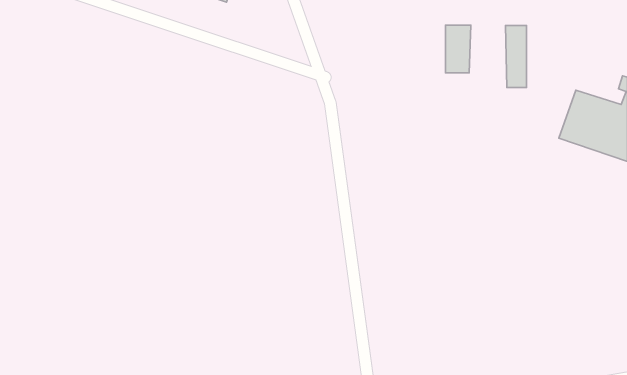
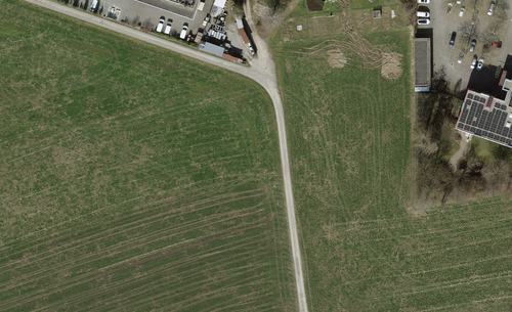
building: [446,25,471,73] -> none

